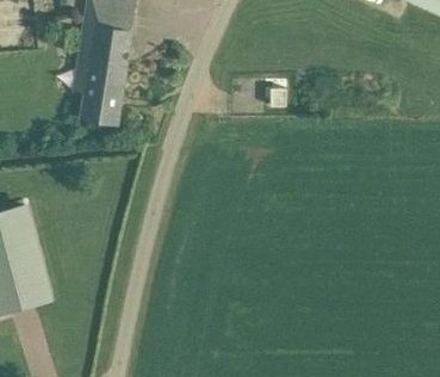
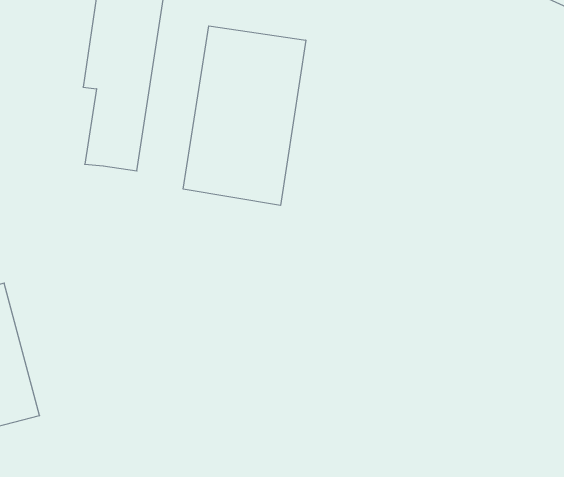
building: none -> [183,26,306,205]

